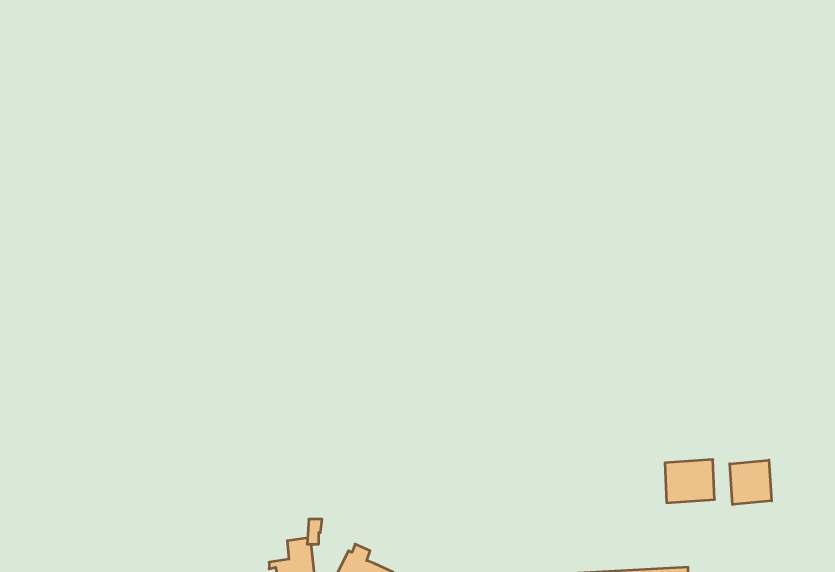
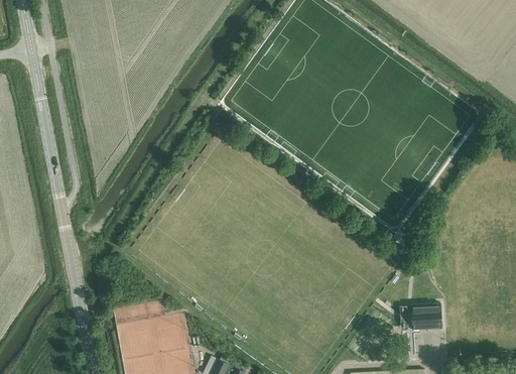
building: [730,460,772,505] -> none

